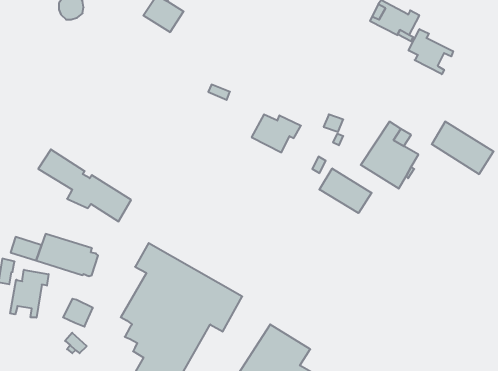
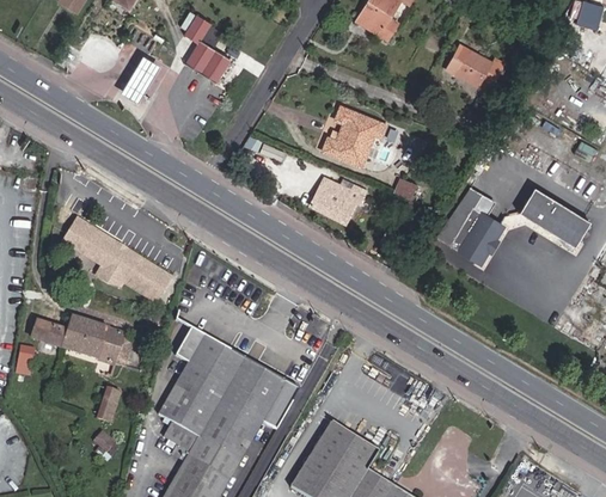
building: none -> [121,55,161,104]
building: [409,29,453,74] -> none
building: none -> [323,106,386,166]
building: [319,168,372,213] -> none
building: [10,270,49,318] -> none

